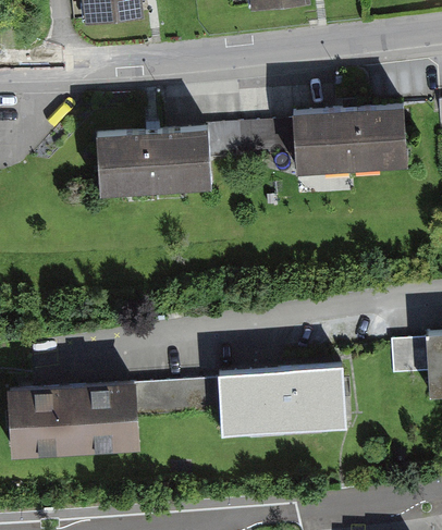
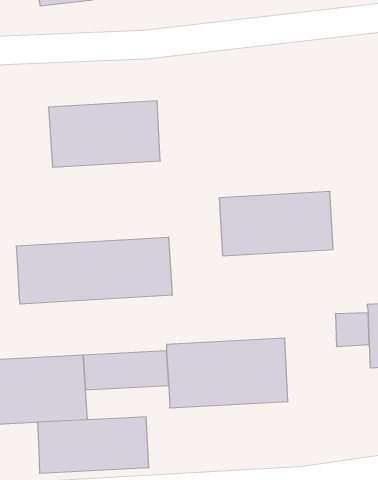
building: [290,104,407,171] -> [219,191,333,256]
building: none -> [17,237,172,304]
building: none -> [38,417,149,473]

